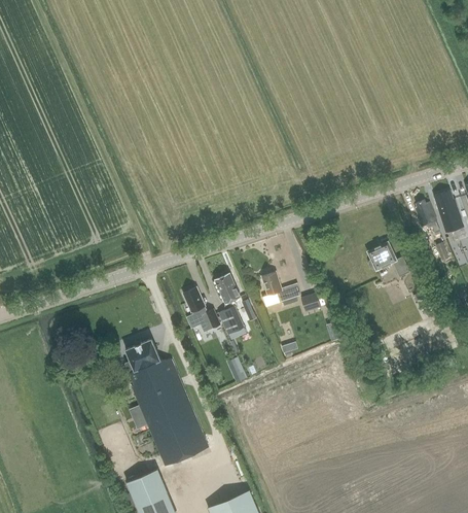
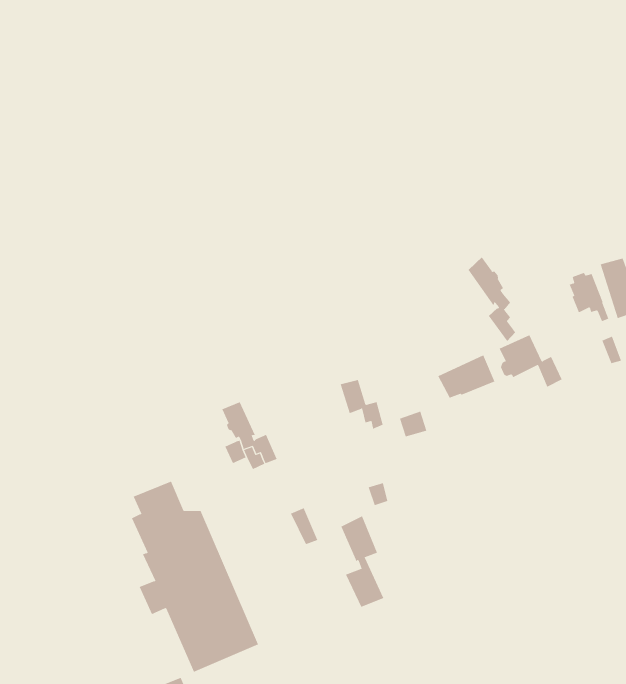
building: none -> [468,257,516,342]
building: none -> [438,354,495,399]
building: [216,273,245,334] -> [341,515,384,607]

